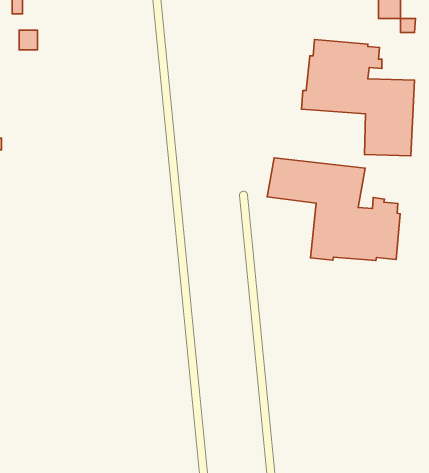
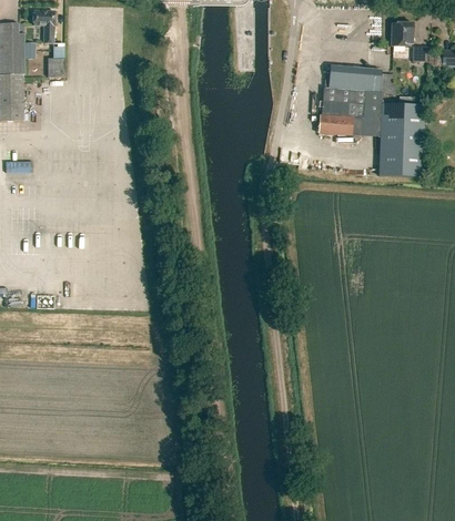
building: [267,158,400,260] -> none

